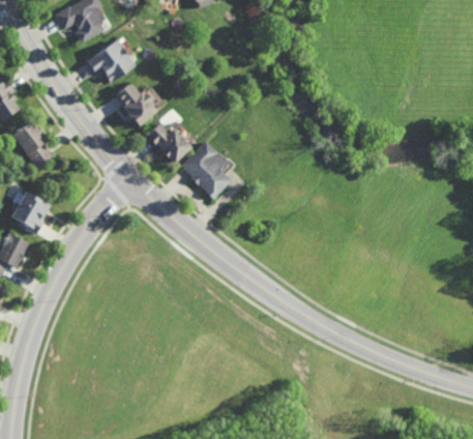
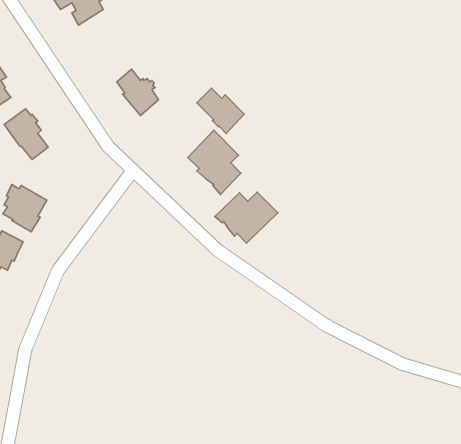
building: [86,39,136,83] -> none
building: [146,122,189,164] -> [197,88,244,133]
building: none -> [215,192,278,243]

